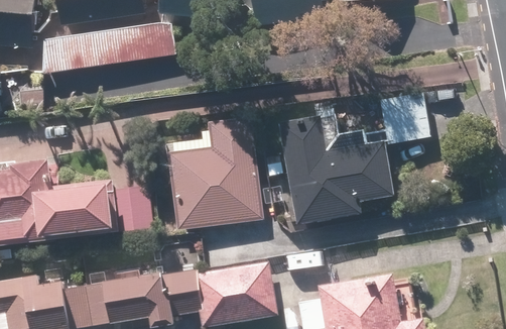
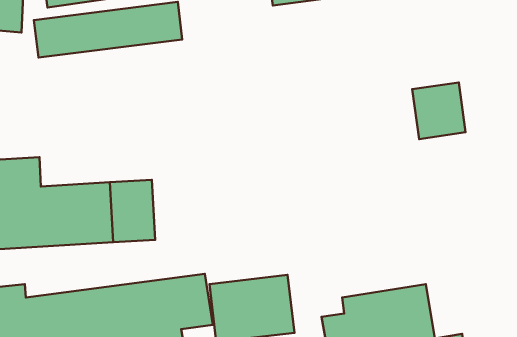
building: [278,113,394,222] -> none
building: [165,115,265,230] -> none

